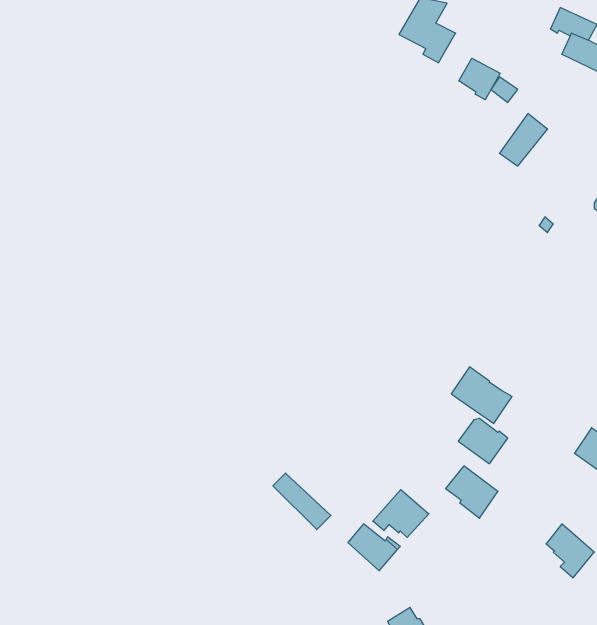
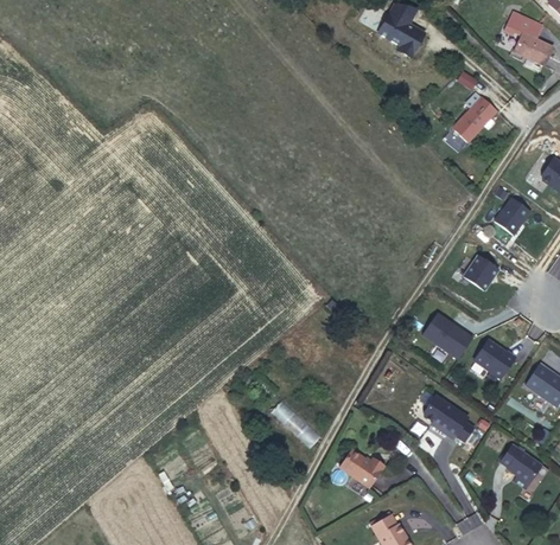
building: [459,58,500,100] -> none
building: none -> [495,197,532,235]
building: none -> [464,255,499,290]
building: [458,418,508,464] -> [475,341,516,379]
building: [373,490,429,537] -> none

